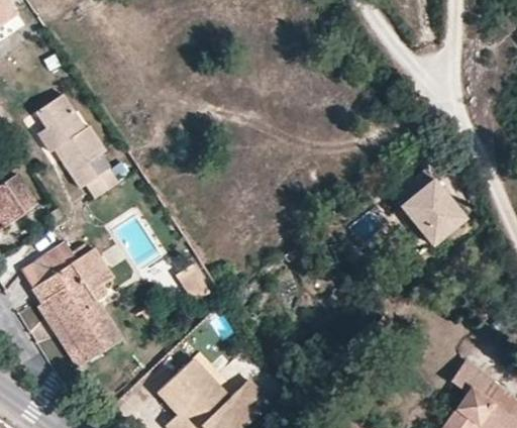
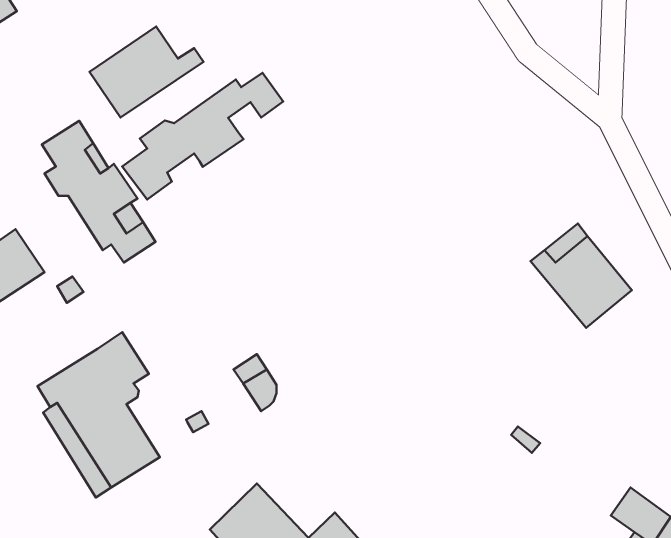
building: none -> [90,26,204,117]
building: none -> [122,73,283,200]
building: [21,242,76,287] -> none

